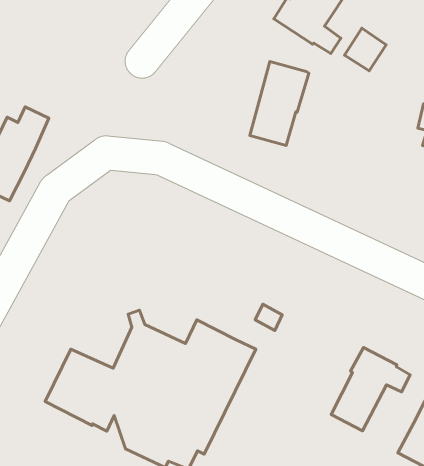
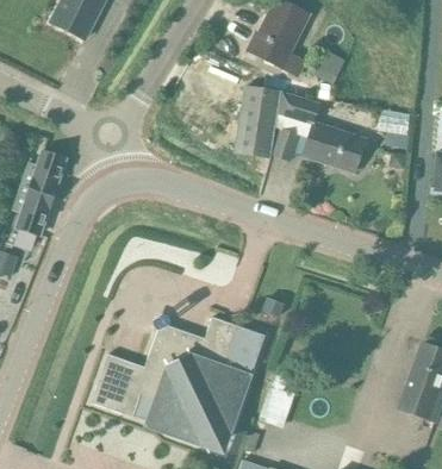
building: none -> [272,92,366,173]
building: [331,347,410,431] -> none

